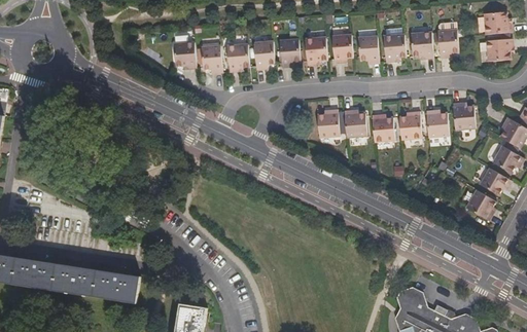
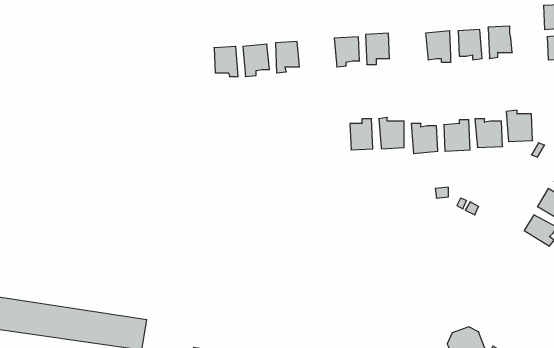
building: [357,33,377,60] -> none
building: [277,38,298,65] -> none
building: [173,40,196,67] -> none

